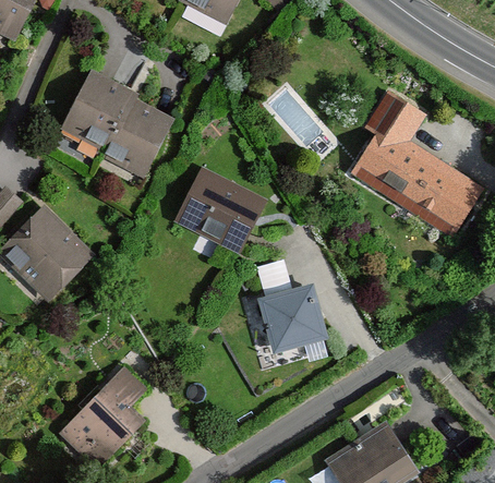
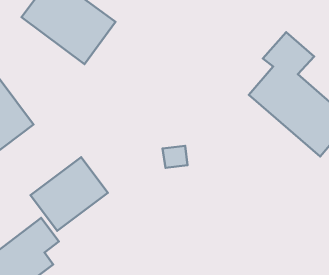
building: [172,167,268,257] -> none
building: none -> [31,157,108,231]
building: [261,286,330,357] -> none

